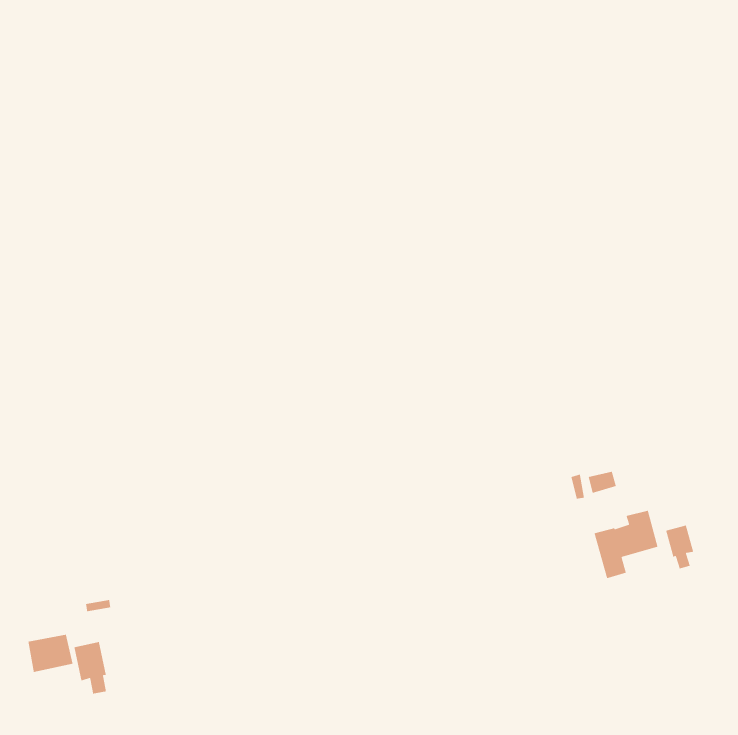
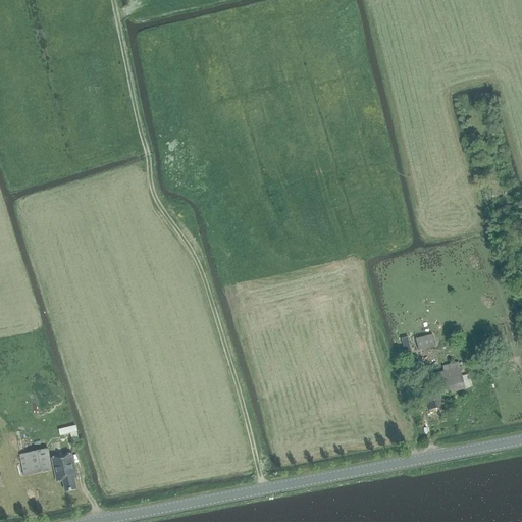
building: [665,524,694,570] -> none

